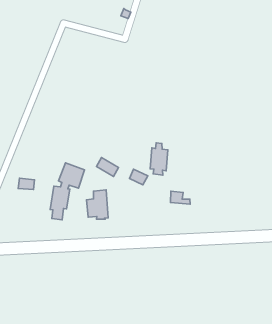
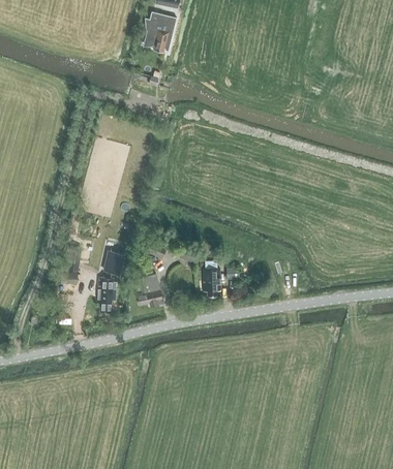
building: [150,143,168,175] -> [201,262,219,296]

